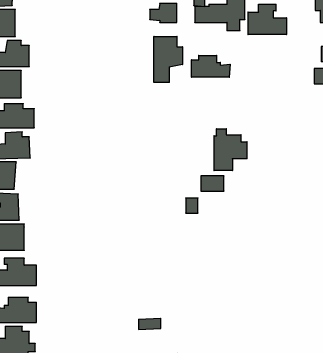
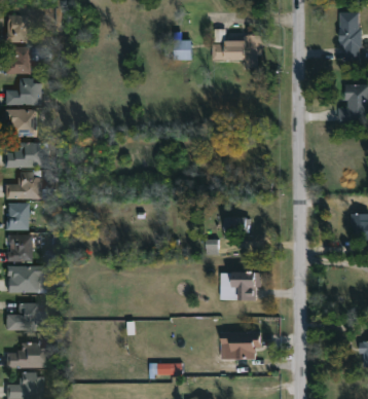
building: [248,4,286,35] -> none
building: [154,36,182,82] -> none
building: [192,55,230,77] -> none
building: [214,129,247,171] -> none
building: none -> [228,273,257,302]
building: none -> [218,332,258,359]

